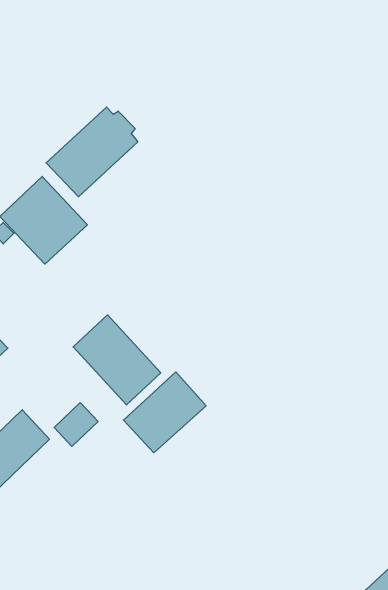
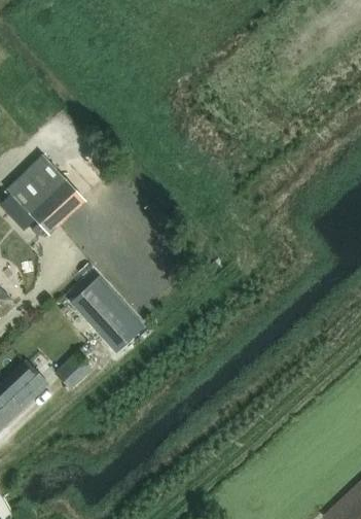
building: [46,107,138,197] -> none
building: [123,372,206,453] -> none

